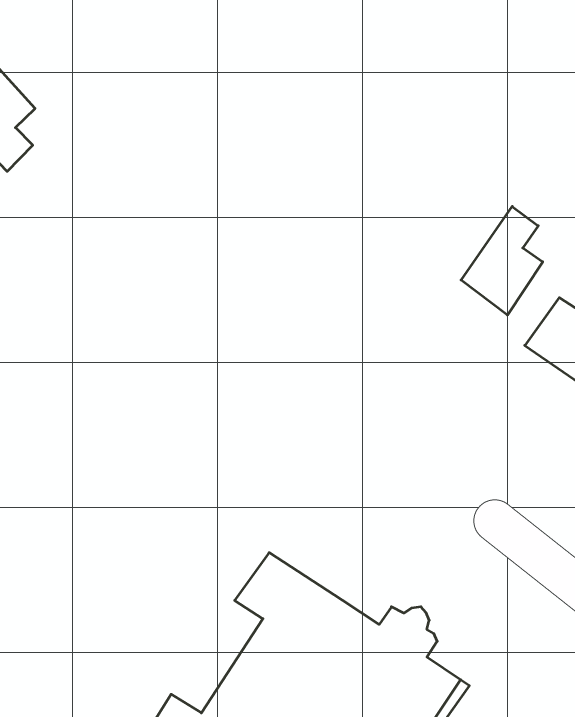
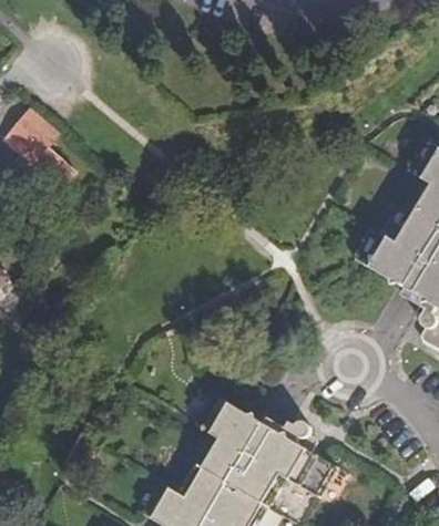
building: [461,206,543,315] -> none

